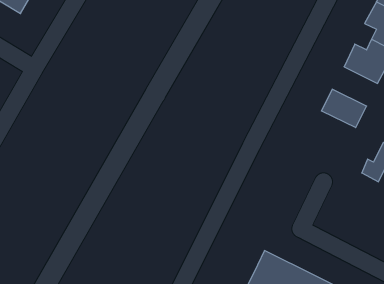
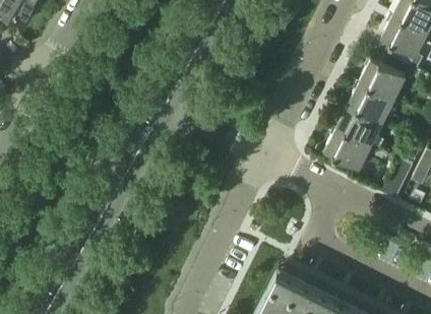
building: none -> [347,82,393,123]
building: none -> [324,128,371,170]

